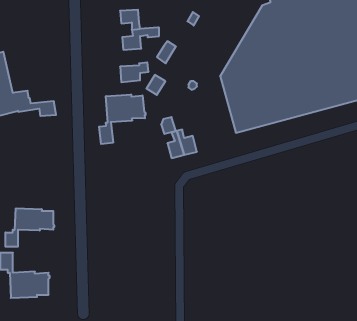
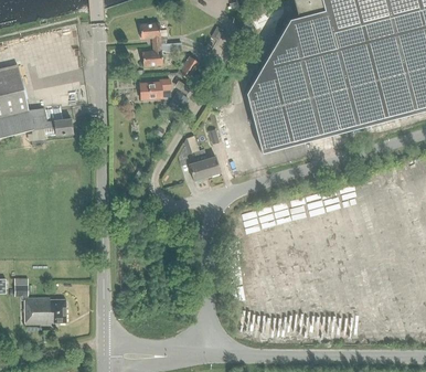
building: [99,94,146,144] -> none
building: [5,208,54,247] -> none

